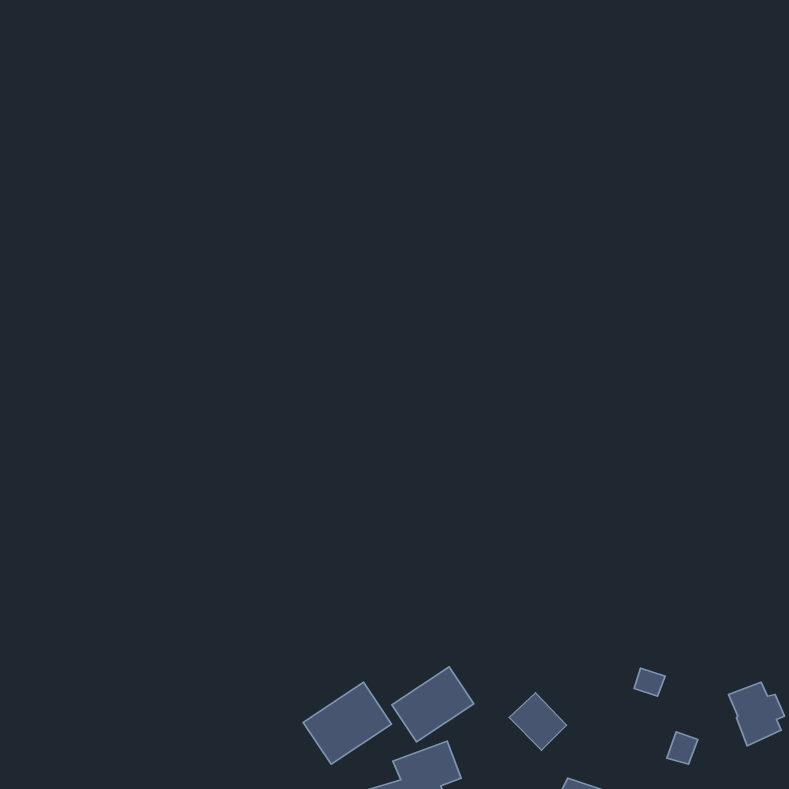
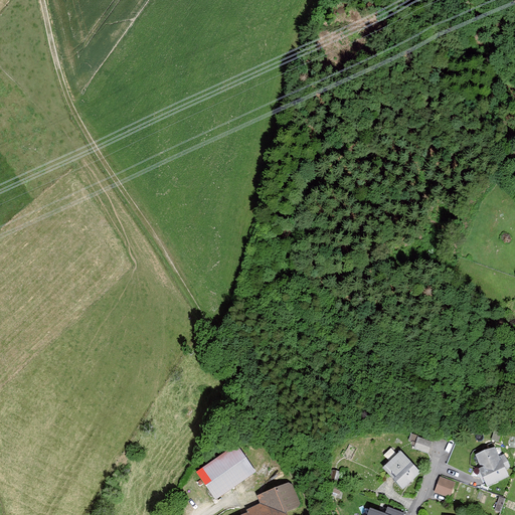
building: [392,667,474,742] -> none
building: [509,693,566,750] -> [382,451,419,488]

